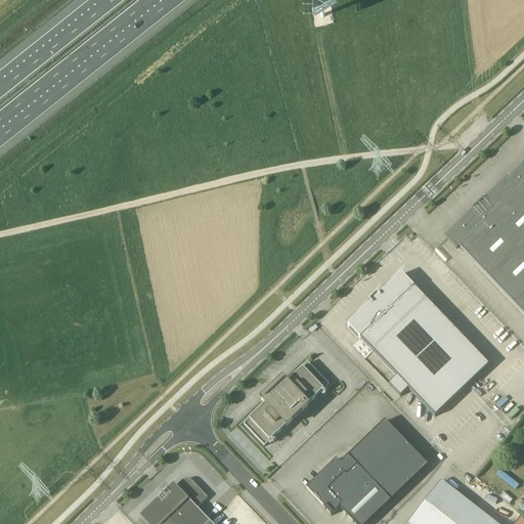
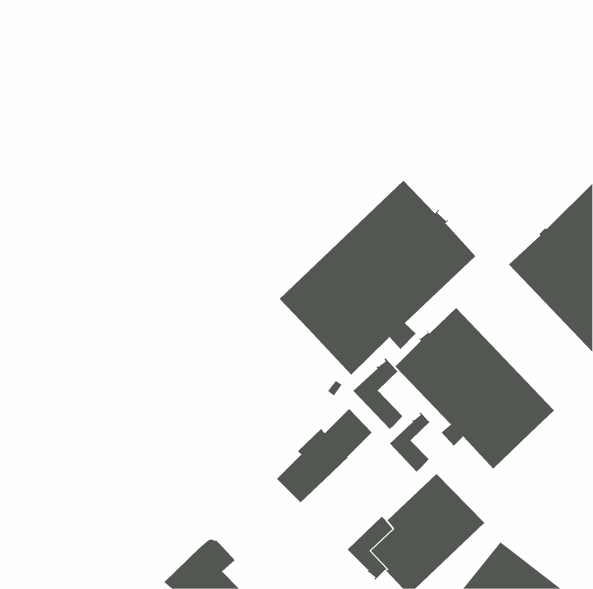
building: none -> [279,180,476,375]
building: none -> [353,357,403,430]
building: none -> [389,412,431,472]

